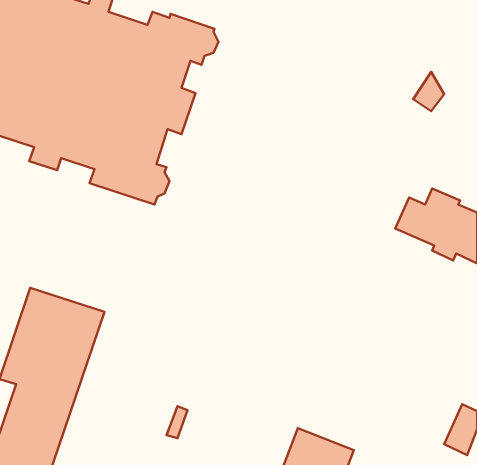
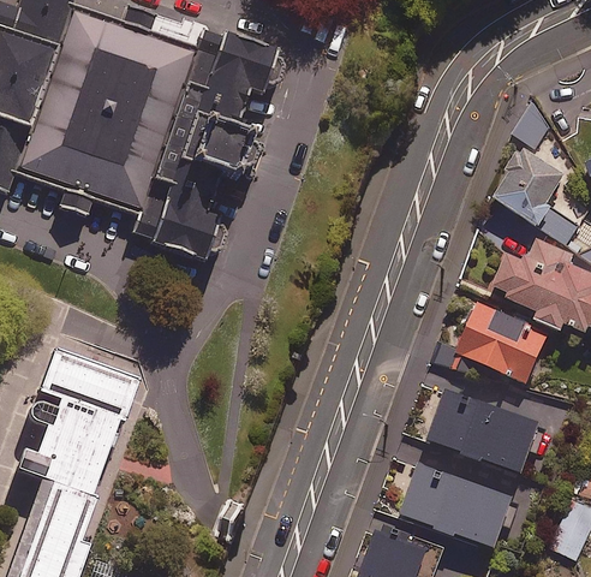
building: none -> [491,147,580,246]
building: none -> [454,301,548,382]
building: none -> [428,389,539,471]
building: none -> [402,462,513,546]

